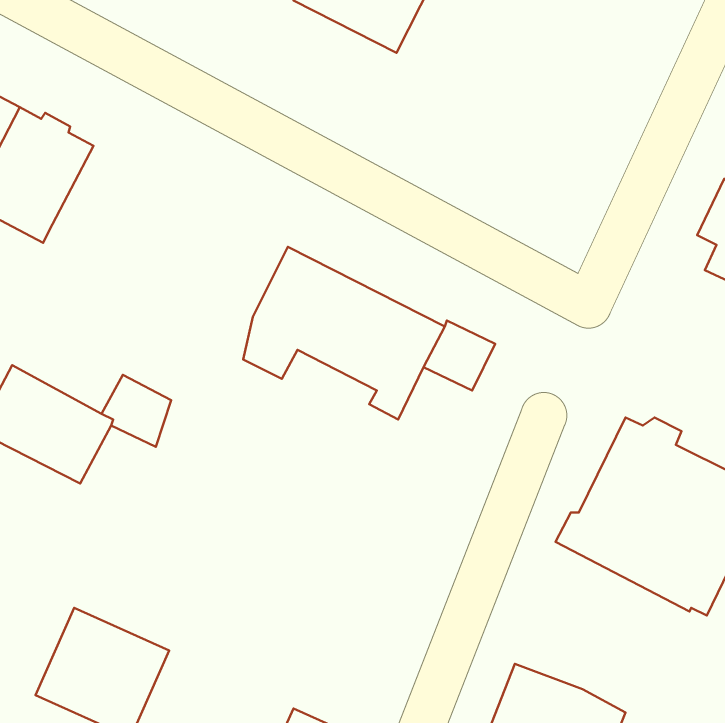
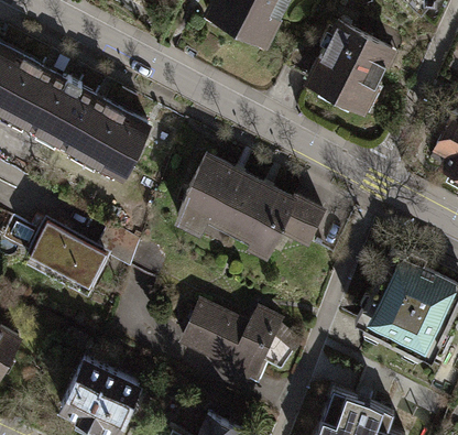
building: none -> [309,24,393,112]
building: none -> [69,98,149,175]
building: none -> [183,305,281,379]

